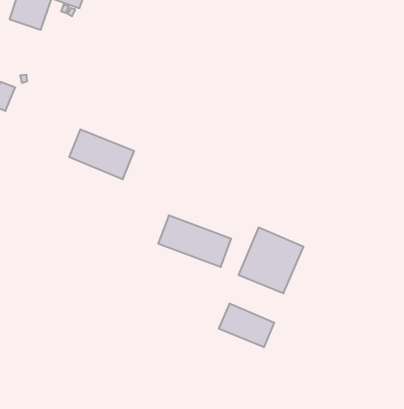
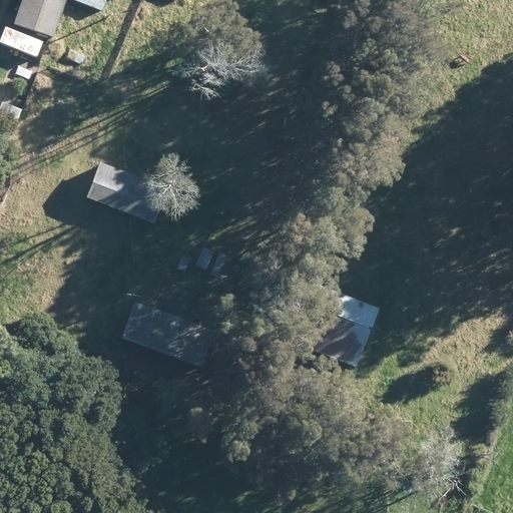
building: [158,215,231,267] -> [121,302,212,366]
building: [219,303,274,347] -> none

